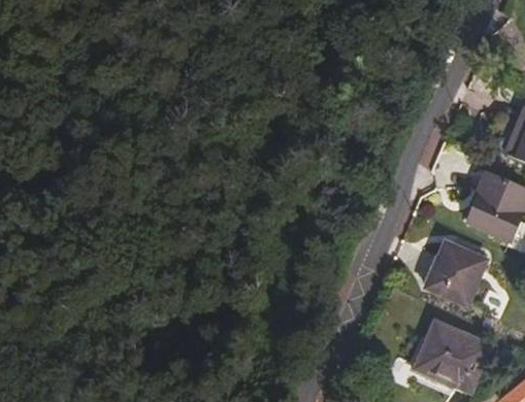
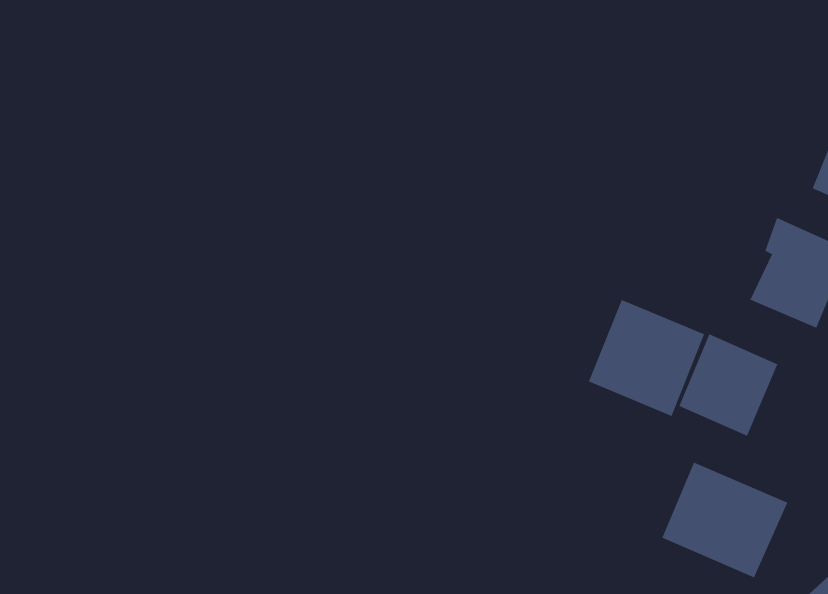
building: none -> [588,299,705,417]

